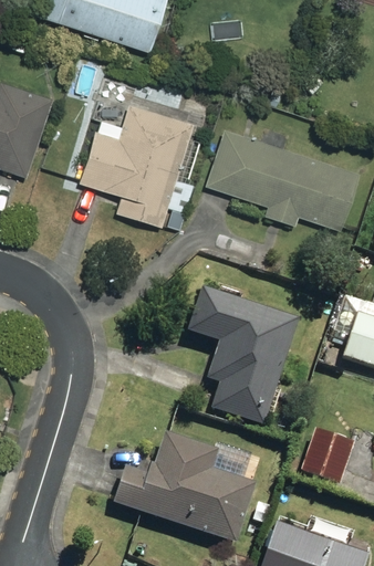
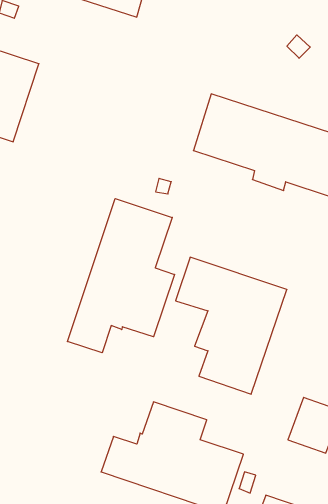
building: [81,99,195,222] -> none
building: none -> [67,199,175,353]

